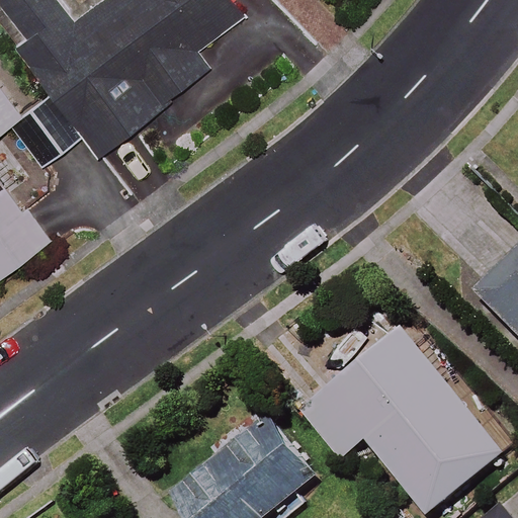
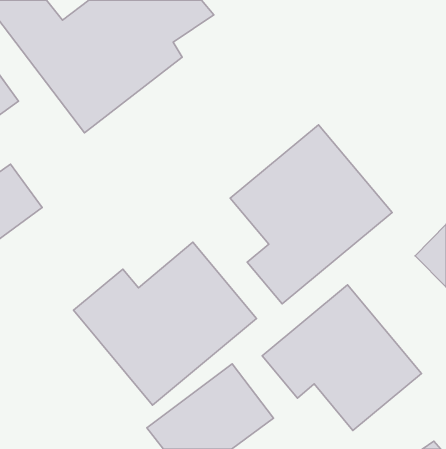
building: none -> [230,125,392,304]
building: none -> [73,242,256,405]

